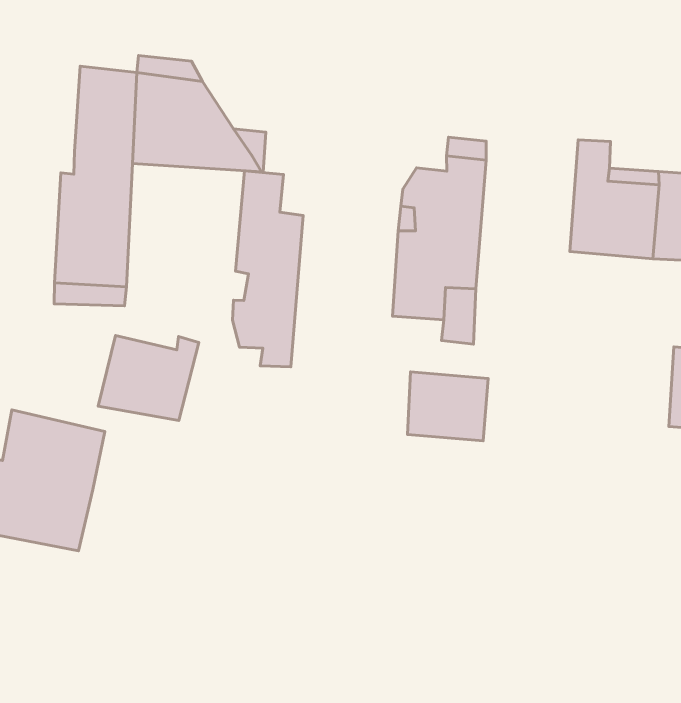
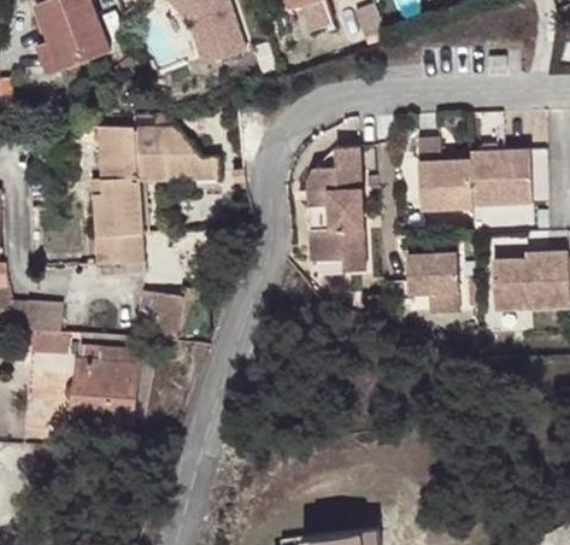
building: [232,171,303,367] -> none
building: [407,372,488,441] -> [407,252,458,293]

